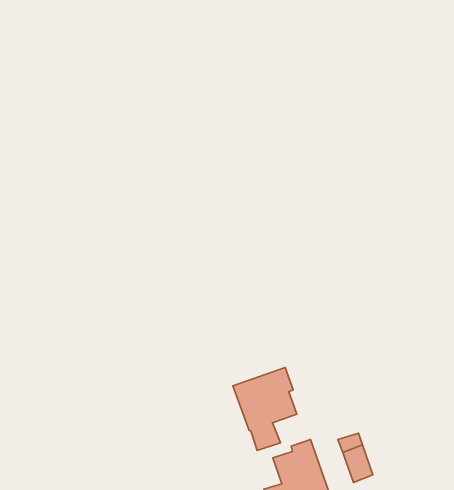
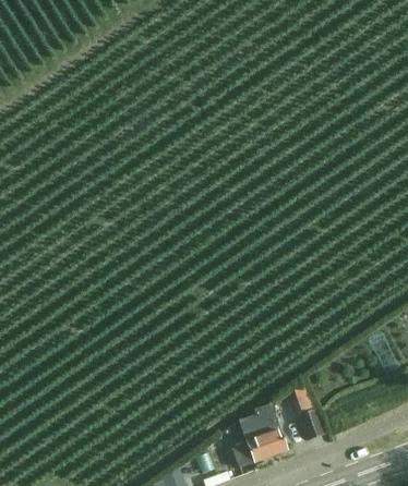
building: [233,367,297,451] -> none

